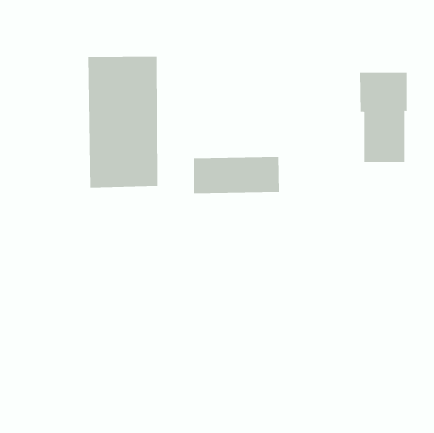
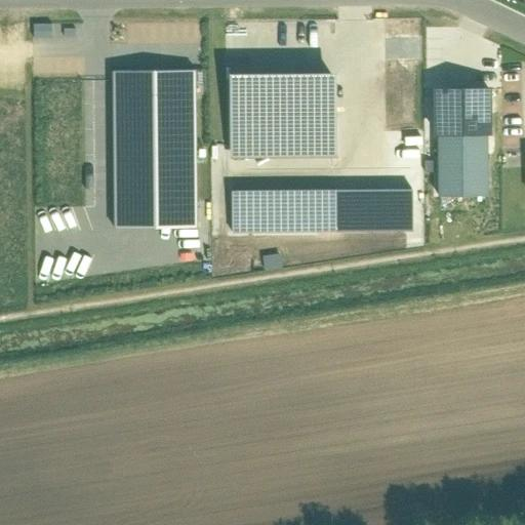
building: none -> [231,73,337,159]
building: none -> [337,188,414,232]

